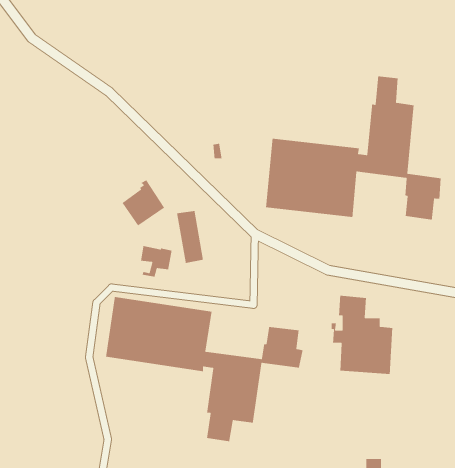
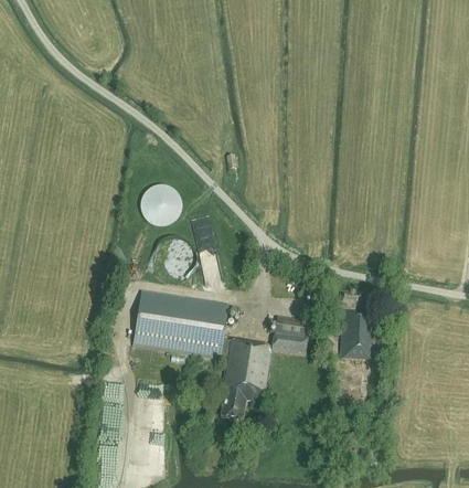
building: [265,76,441,221] -> none

